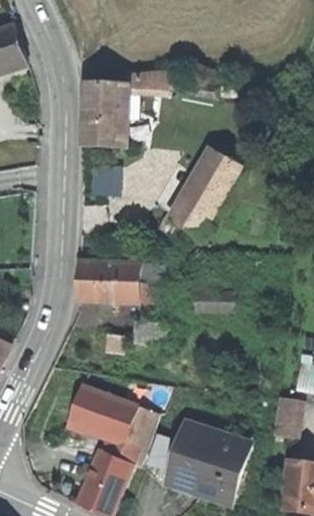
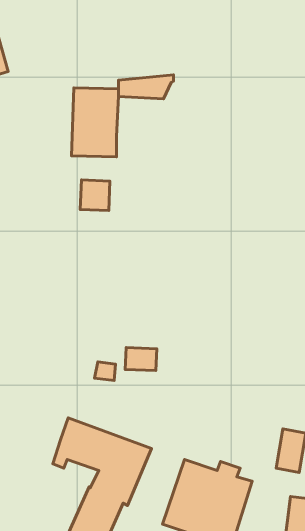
building: [171,143,248,238] -> none
building: [77,259,177,303] -> none
building: [194,277,233,309] -> none

